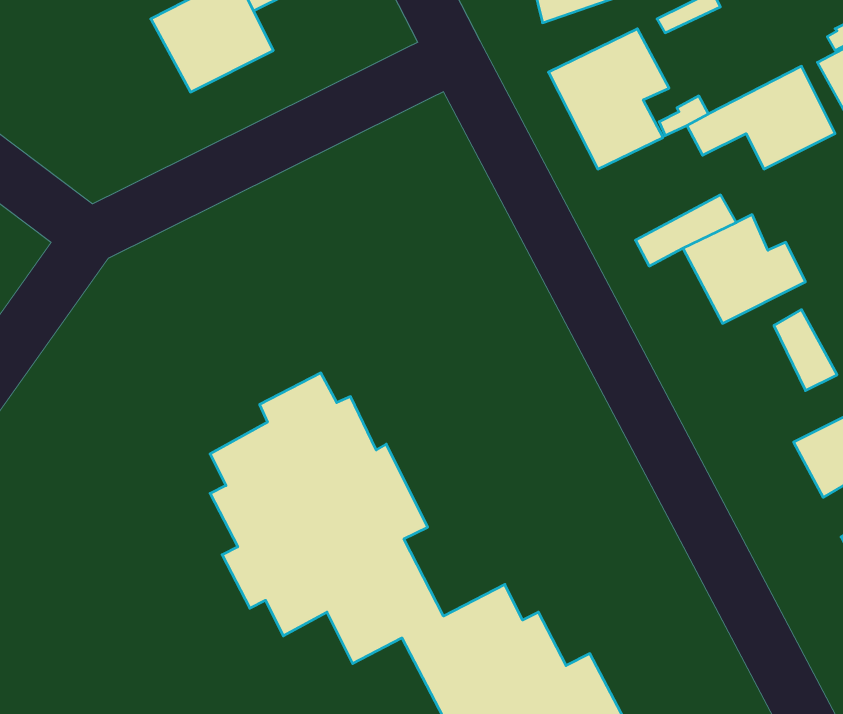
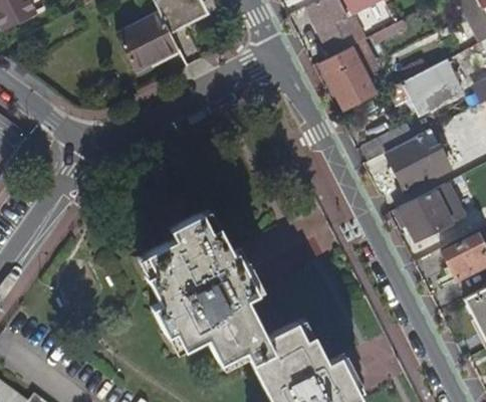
building: none -> [401,190,450,240]

